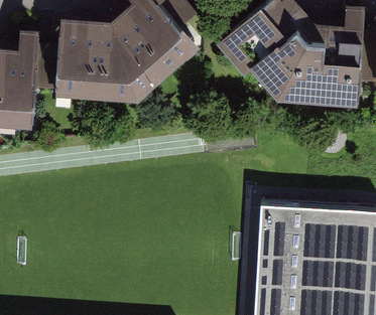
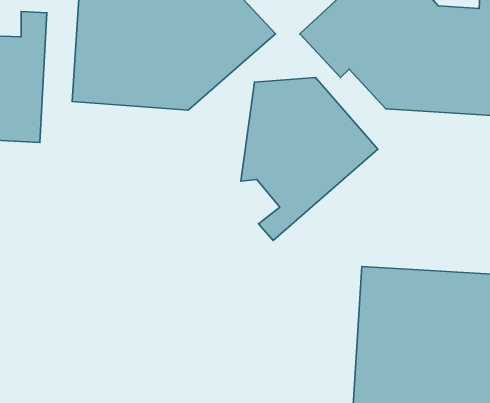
building: none -> [241,78,378,241]

